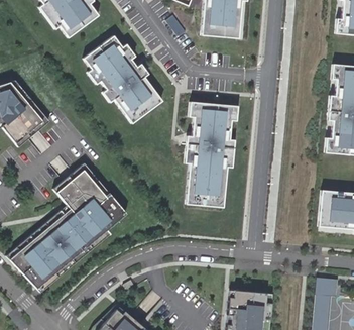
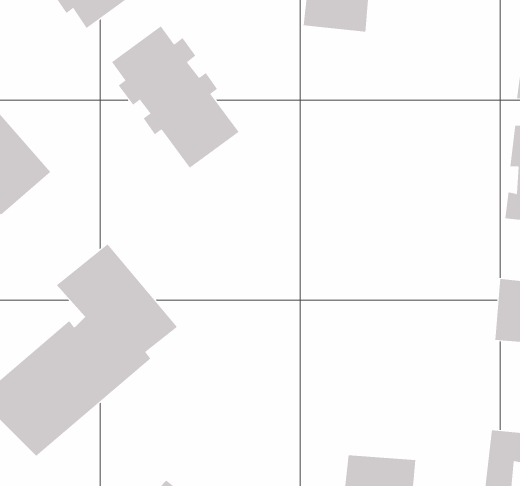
building: [186,99,238,204] -> none

